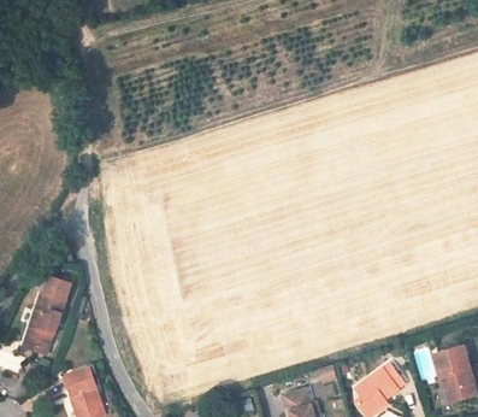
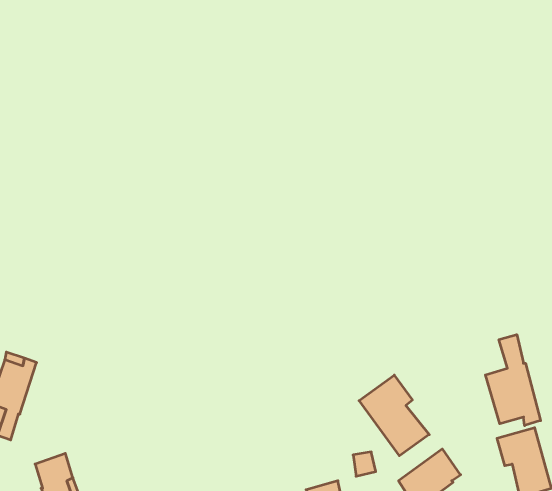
building: none -> [485,335,541,426]
building: none -> [359,375,429,456]

